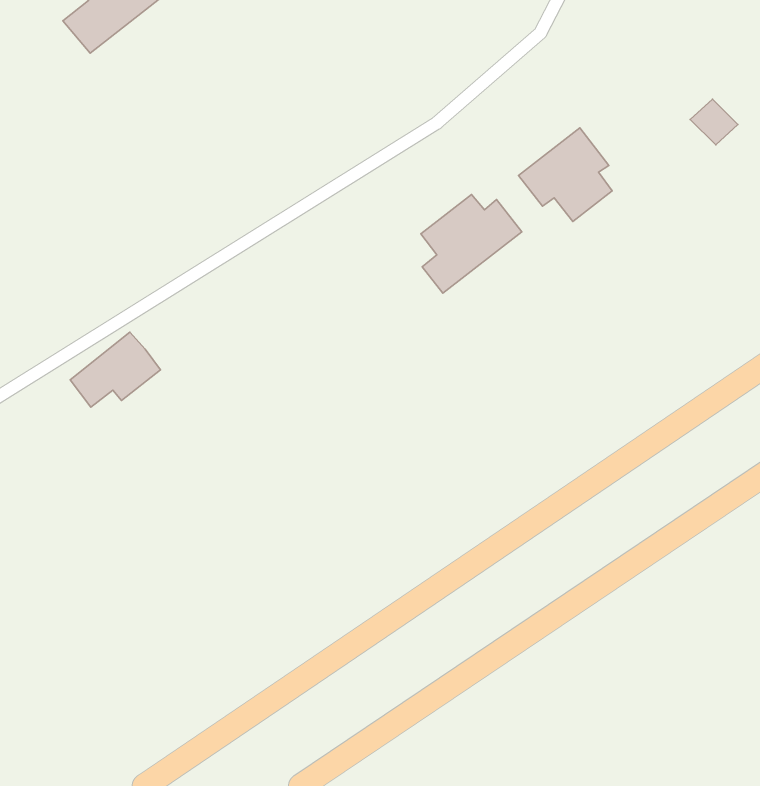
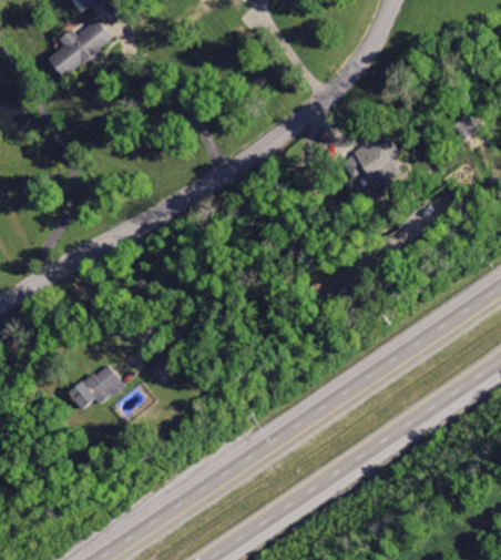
building: [421,195,522,293] -> none
building: [70,332,160,407] -> [69,359,127,408]

